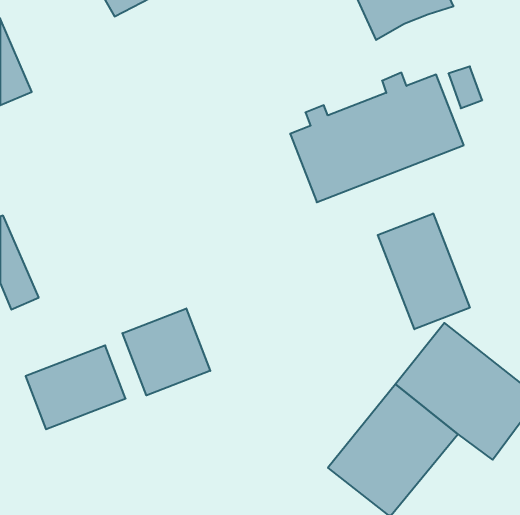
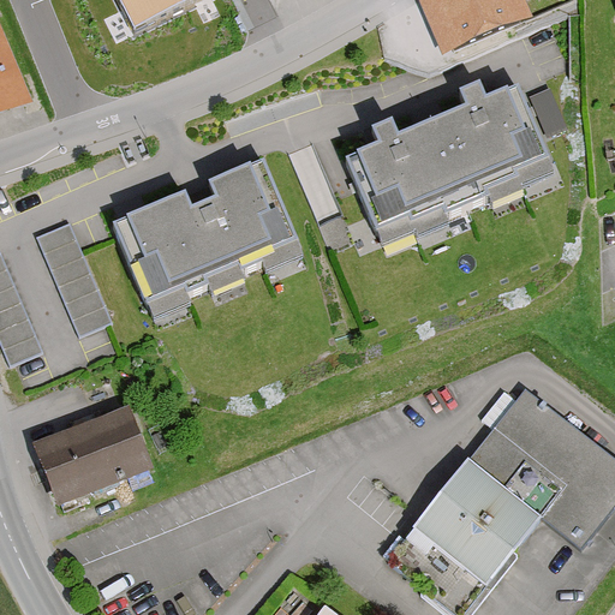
building: none -> [111,161,300,317]
building: none -> [40,225,111,335]
building: [378,213,470,329] -> none
building: [122,308,210,395] -> none

